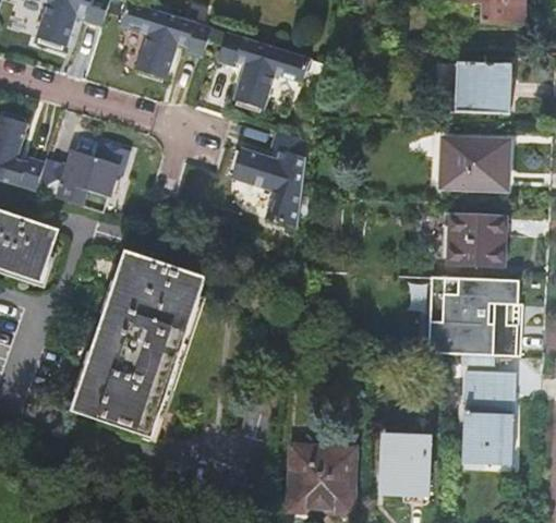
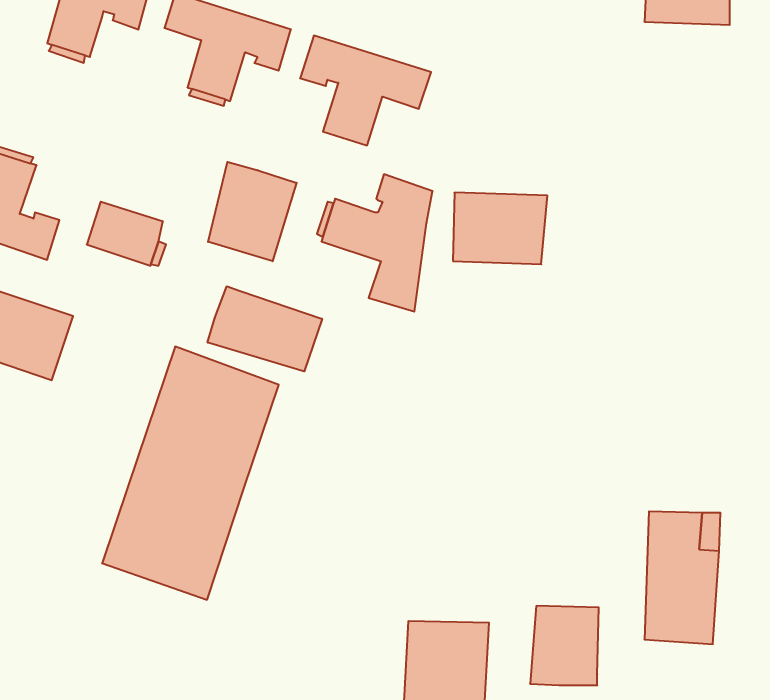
building: [458,64,513,115] -> none
building: none -> [208,162,297,261]
building: [444,139,511,191] -> [453,193,547,264]
building: none -> [208,286,322,371]
building: [448,215,505,266] -> none
building: [428,279,522,357] -> none

